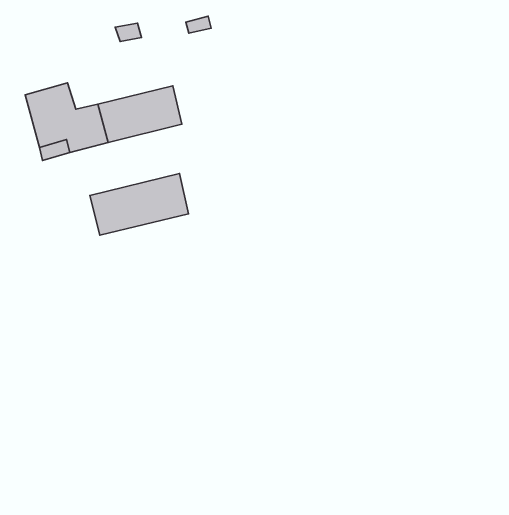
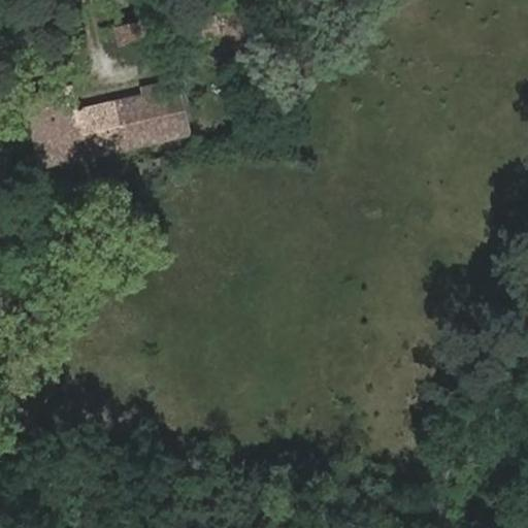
building: [90,174,188,235] -> none

